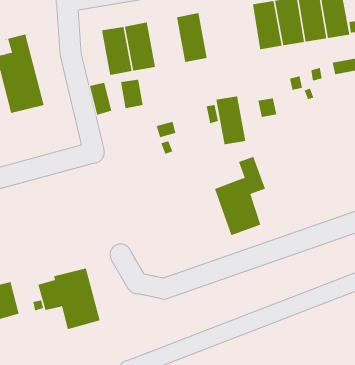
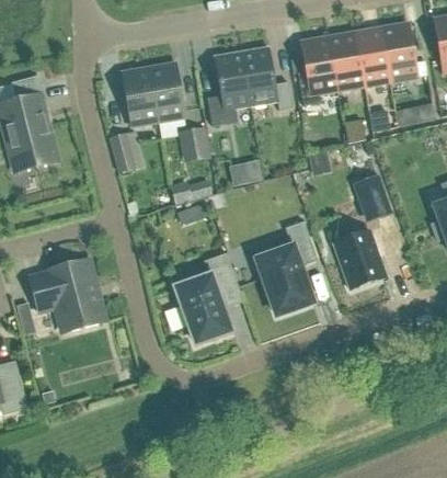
building: [120,79,143,109] -> [182,125,209,160]
building: [215,96,246,145] -> [239,45,275,103]
building: none -> [352,172,393,220]
building: none -> [333,228,386,287]
building: none -> [175,251,240,342]
building: [37,268,100,330] -> [28,258,103,331]

